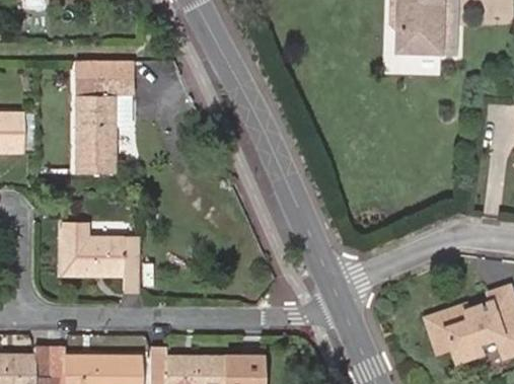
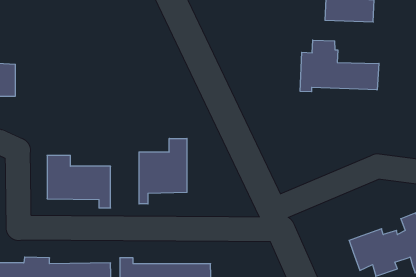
building: [74,61,132,172] -> none
building: none -> [300,40,379,92]
building: none -> [139,138,187,204]

